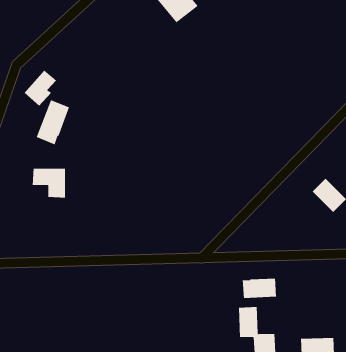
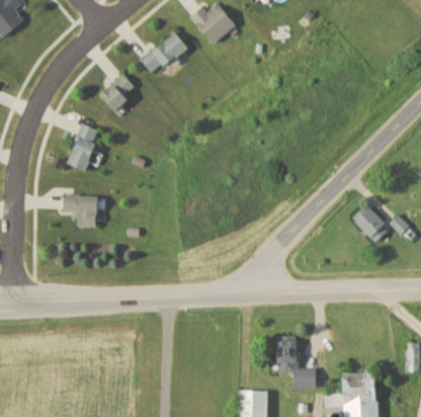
building: none -> [140,29,187,76]
building: [24,70,57,106] -> [99,74,134,112]
building: [242,278,277,299] -> none

